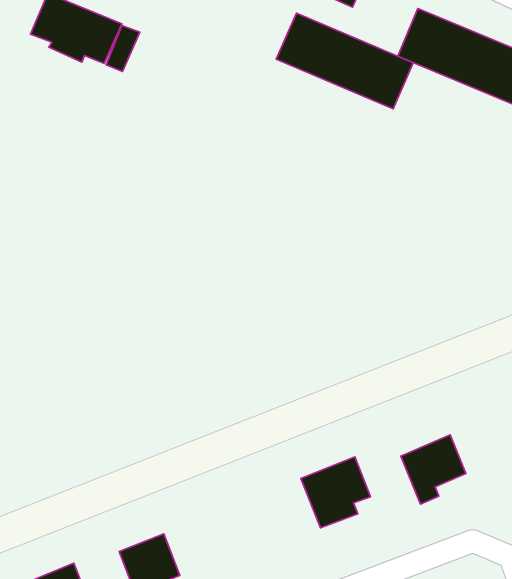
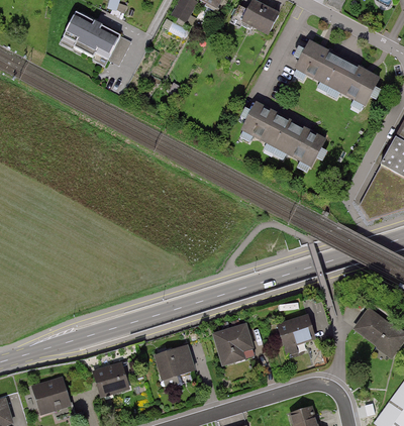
building: [276,13,413,109] -> [240,102,327,168]
building: none -> [154,344,196,381]

